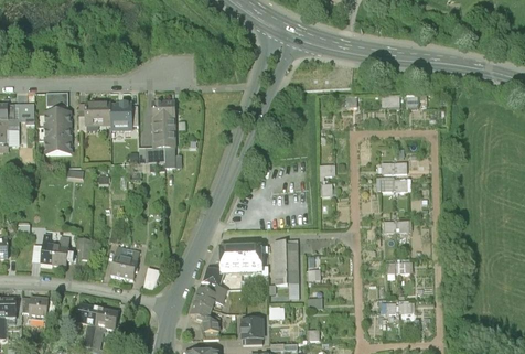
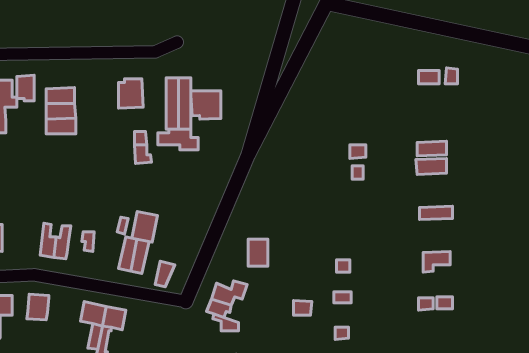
building: [85,105,110,126] -> none
building: none -> [191,91,221,119]
building: none -> [132,212,158,242]
building: [272,238,298,297] -> none
building: [245,248,264,272] -> none
building: [243,320,263,344] -> none

